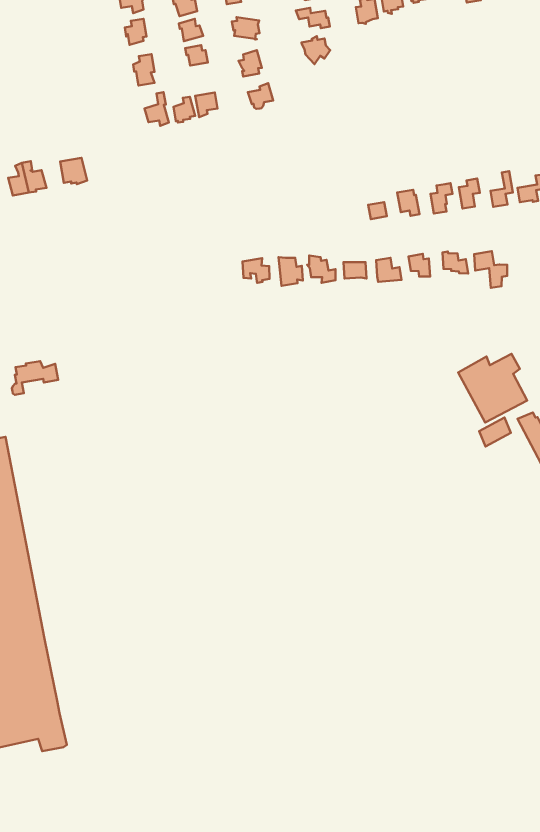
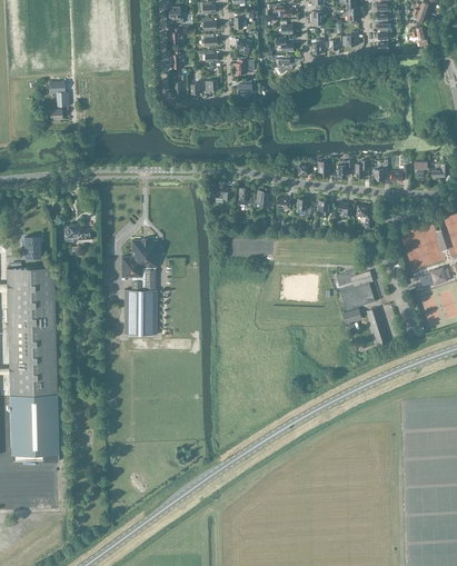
building: none -> [120,239,157,336]

